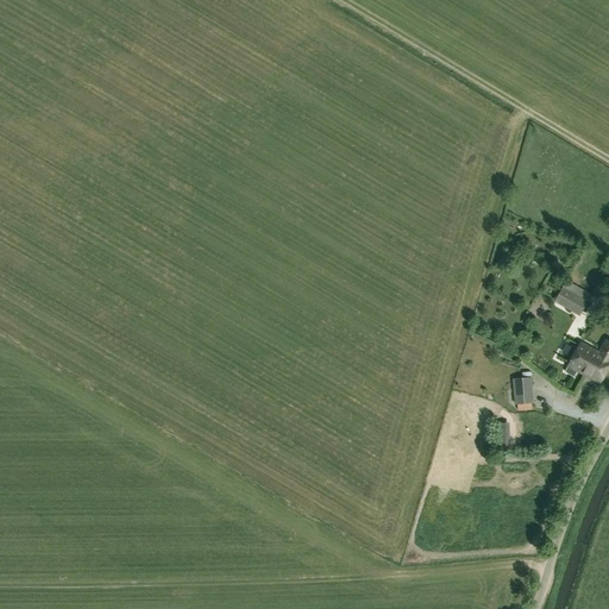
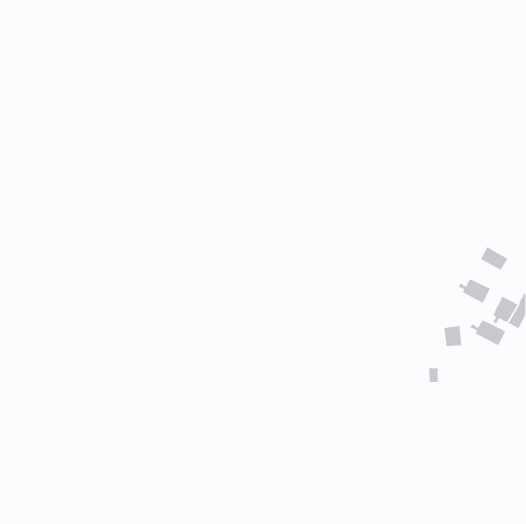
building: none -> [457,278,491,304]
building: none -> [469,319,507,346]

